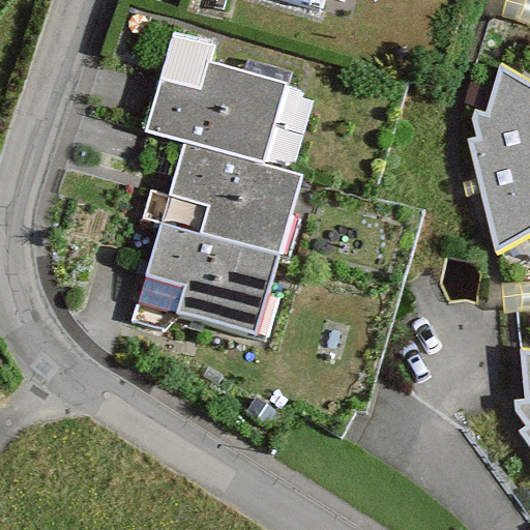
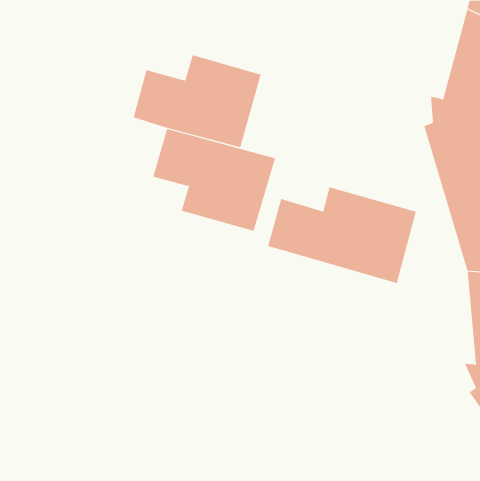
building: none -> [267,186,417,284]
building: [147,222,281,335] -> none

